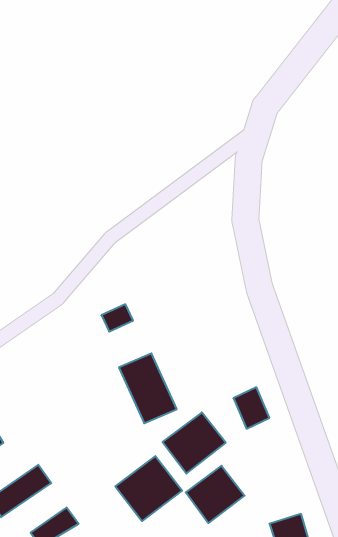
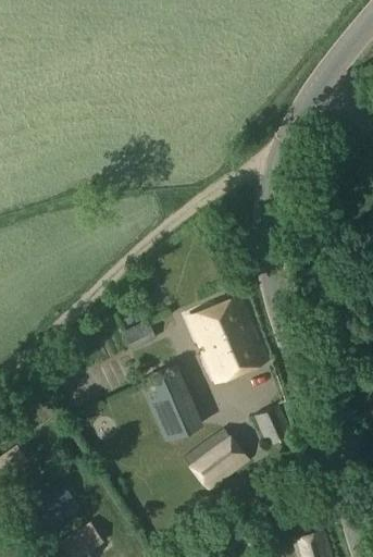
building: none -> [189,296,268,381]
building: [115,456,182,521] -> none
building: [186,466,245,523] -> none

